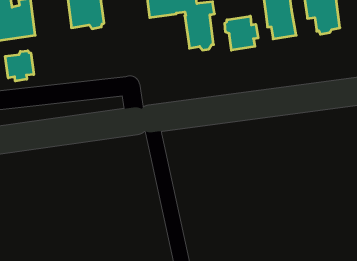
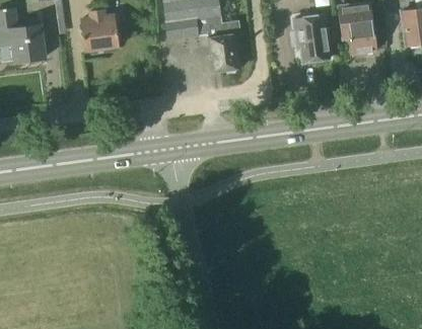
building: [225,16,258,50] -> none
building: [5,51,34,81] -> none

